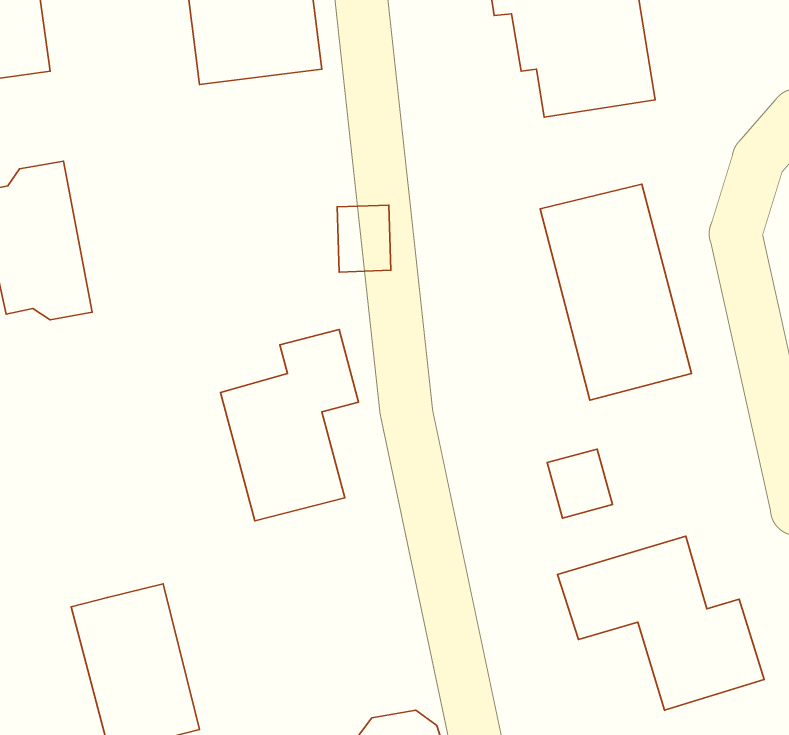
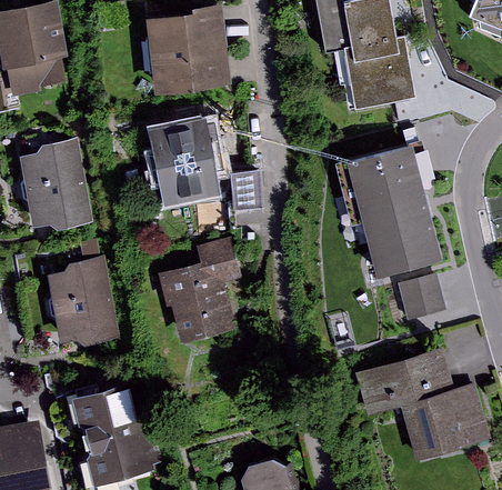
building: none -> [152,119,220,201]
building: none -> [49,256,114,341]
building: [547,449,612,518] -> [406,278,444,318]

